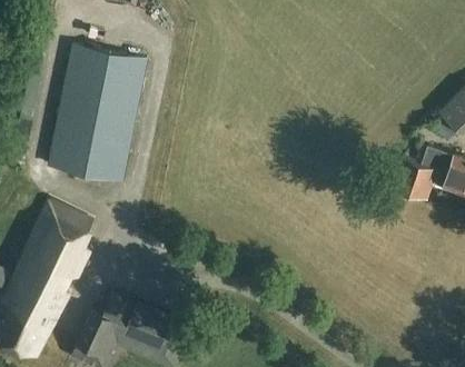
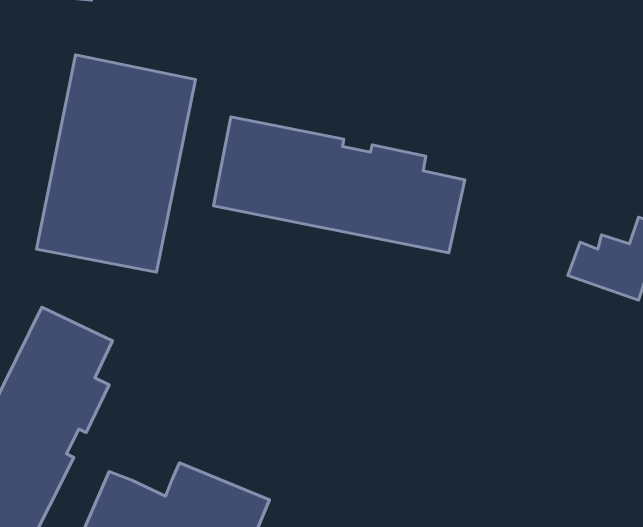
building: none -> [214,117,465,253]

